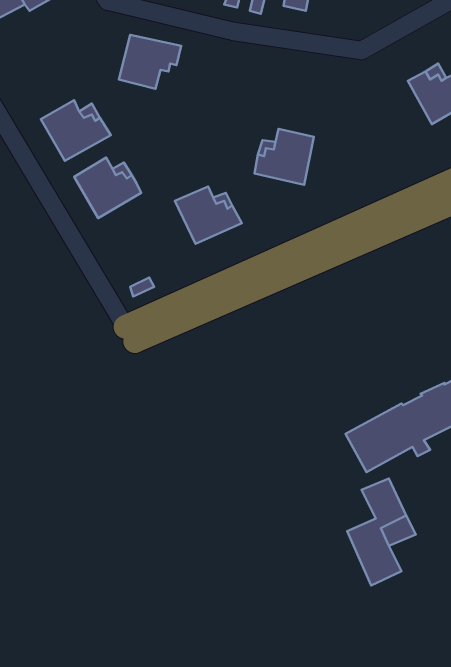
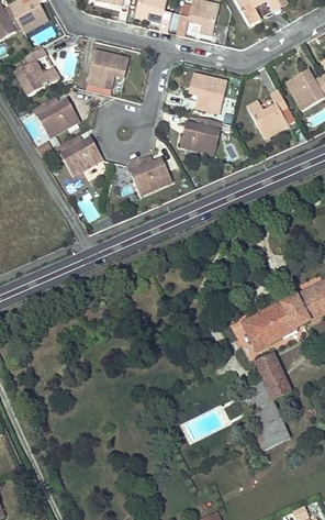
building: none -> [15,46,60,97]
building: none -> [190,73,227,112]
building: none -> [245,88,287,137]
building: none -> [247,419,290,454]

